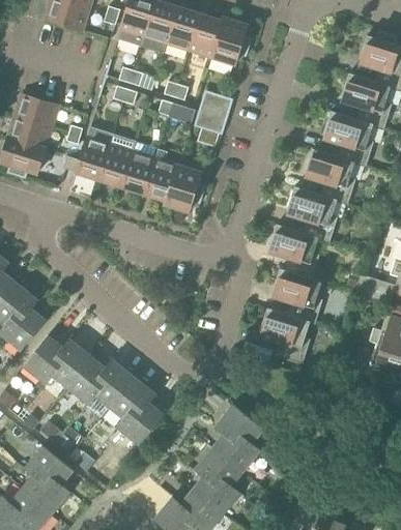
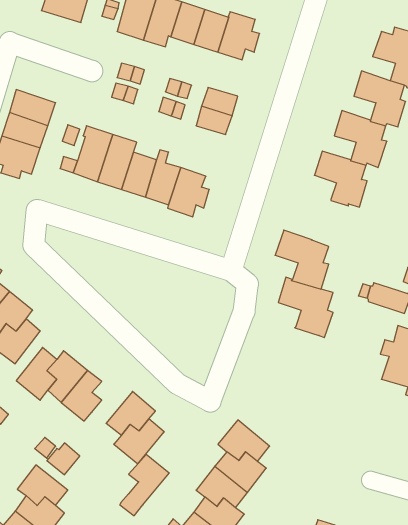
building: [286,187,337,243] -> none
building: [258,308,310,365] -> none
building: [86,359,133,417] -> [120,454,169,516]

